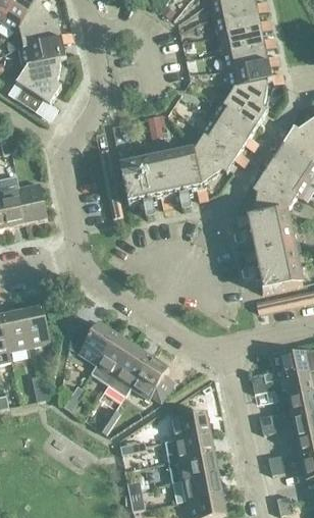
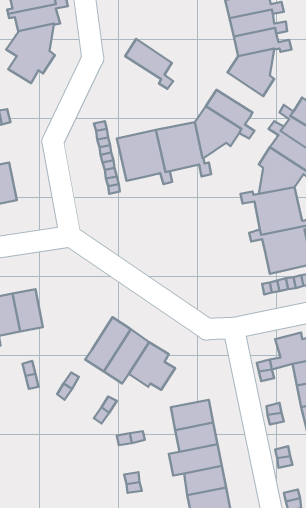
building: [213,103,258,150] -> [125,39,173,89]
building: [18,183,47,223] -> none
building: [77,322,115,364] -> none

